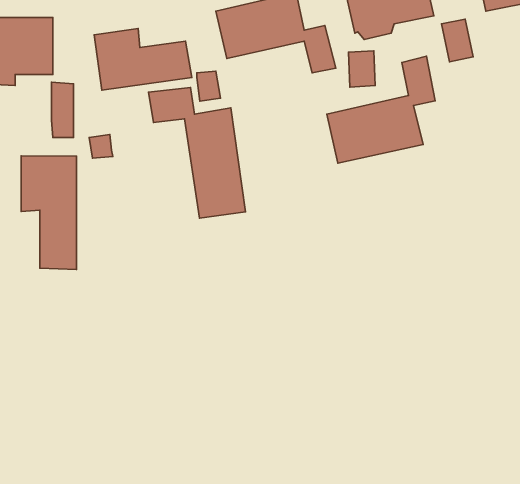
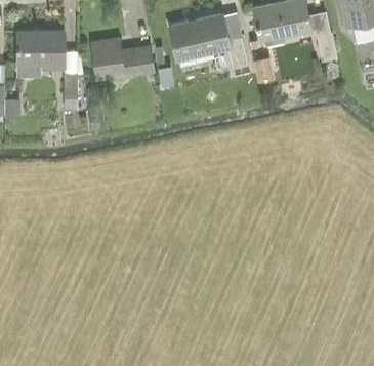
building: [327,56,435,163] -> none
building: [149,88,246,218] -> none
building: [21,156,76,270] -> none

